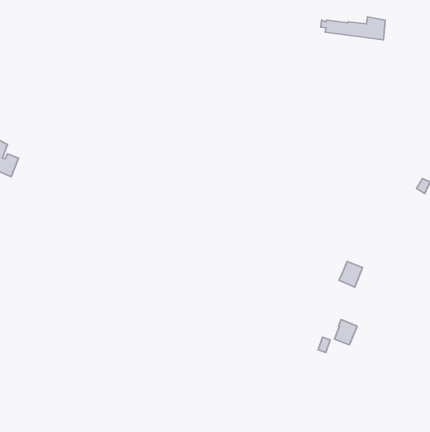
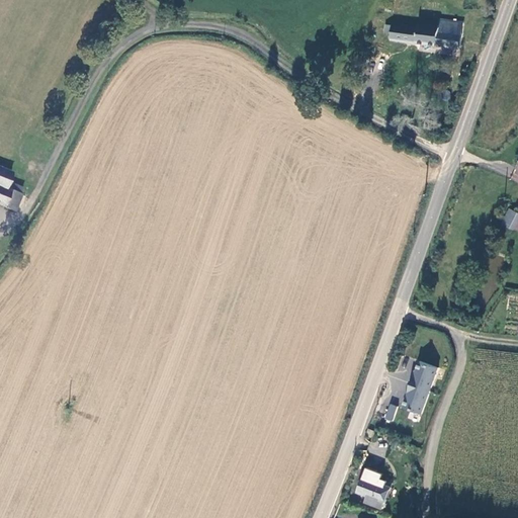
building: [339,262,362,287] -> [408,360,436,391]
building: none -> [356,474,394,510]

